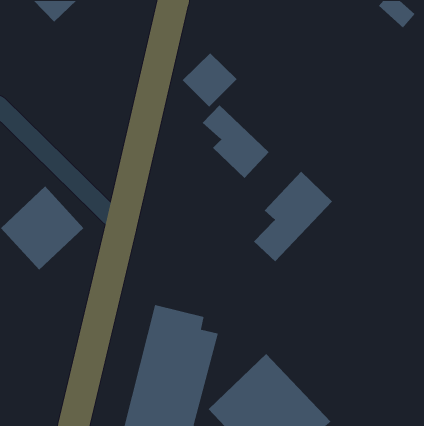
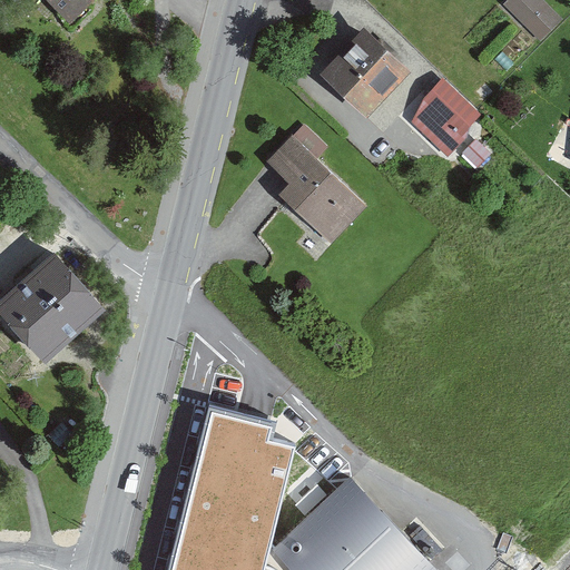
building: [182,53,238,108] -> [324,41,399,115]
building: none -> [410,89,473,151]
building: [253,171,333,262] -> none

